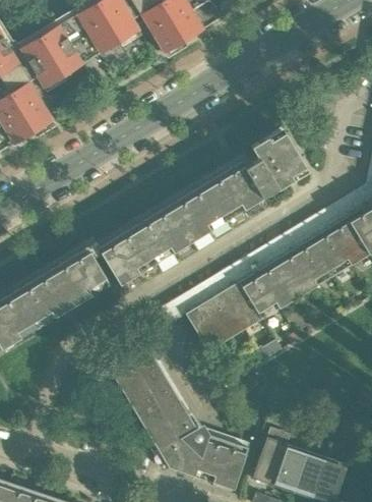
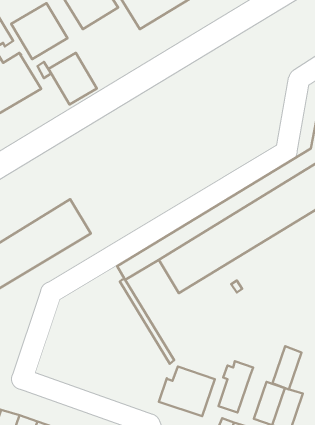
building: none -> [48,53,97,105]
building: [98,132,308,284] -> none
building: [106,340,198,473] -> none
building: [274,444,307,493] -> [273,346,302,389]

